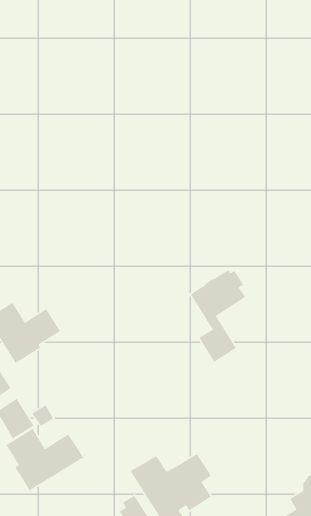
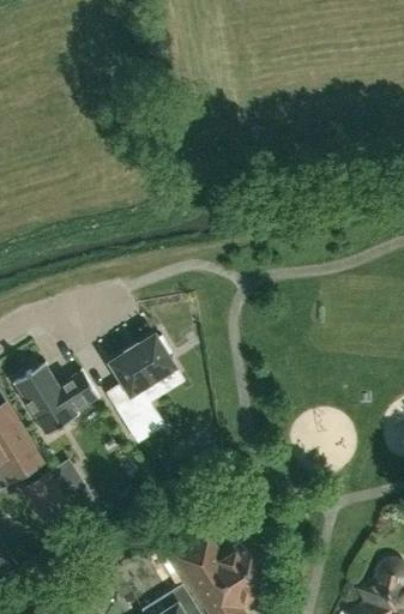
building: [190,269,246,363] -> [109,335,174,443]
building: [4,427,85,492] -> none

